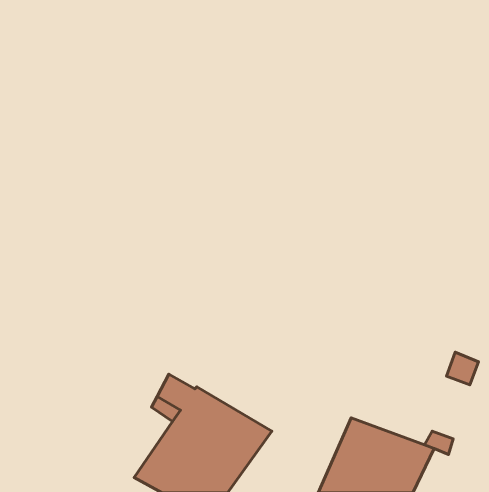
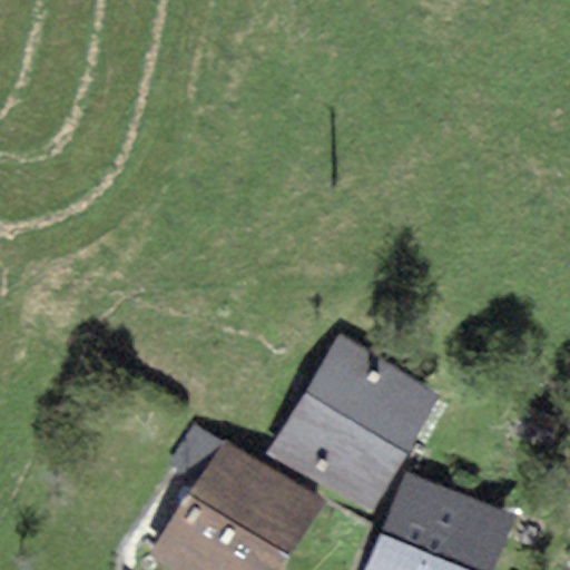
building: none -> [273,342,428,499]

